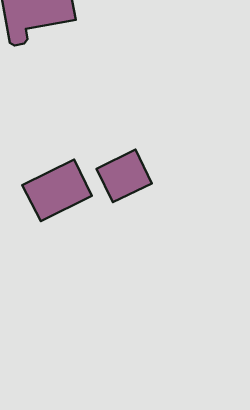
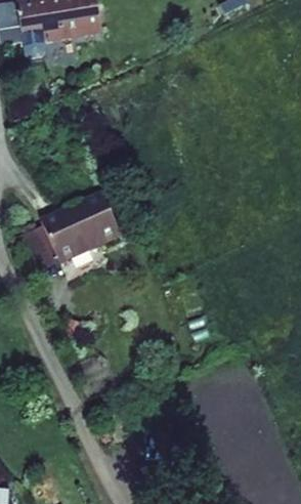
building: [96,150,152,202] -> none

